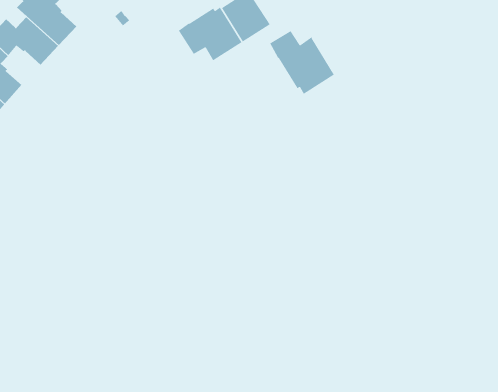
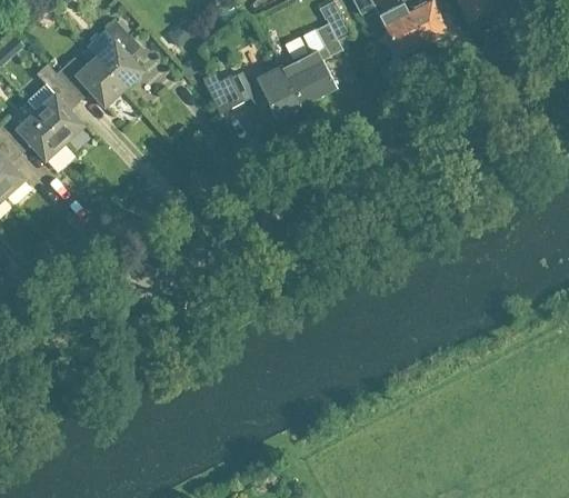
building: none -> [202,71,244,112]
building: [269,30,335,95] -> none

